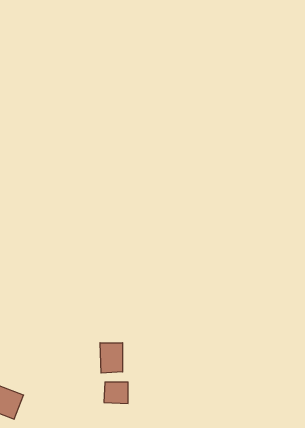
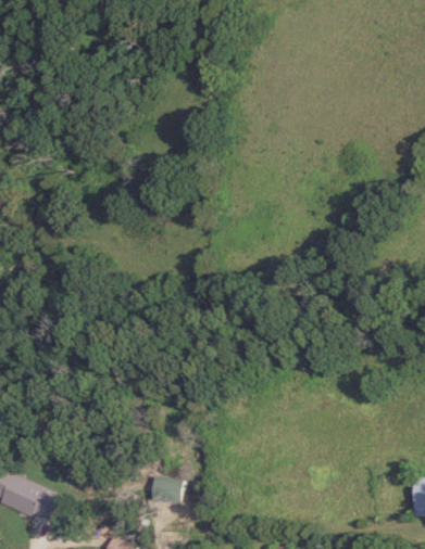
building: [100,343,123,373] -> none

